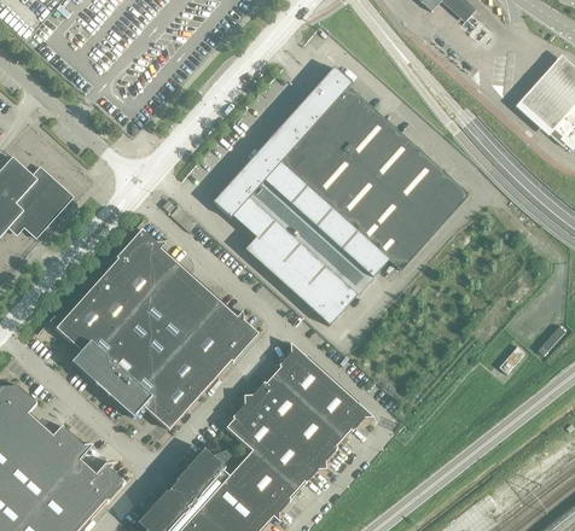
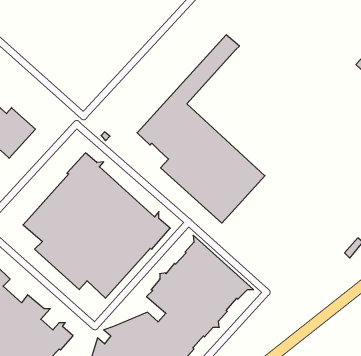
building: [281,87,467,272] -> none

